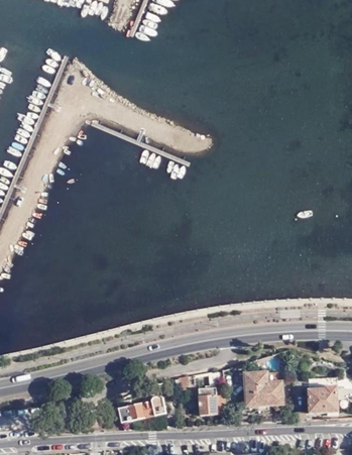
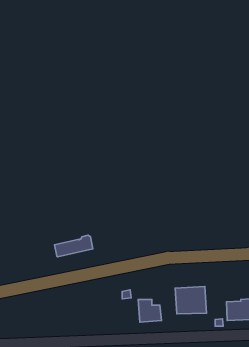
building: [117,396,165,424] -> [54,235,93,257]

